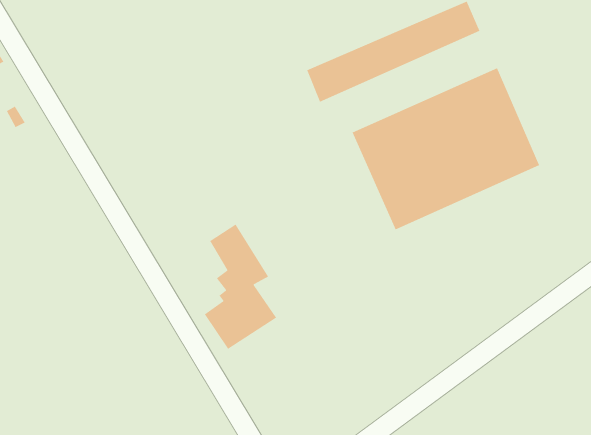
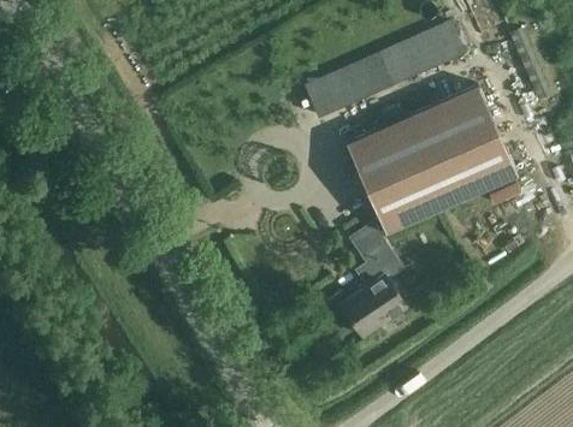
building: [204,224,277,350] -> [342,221,408,336]

